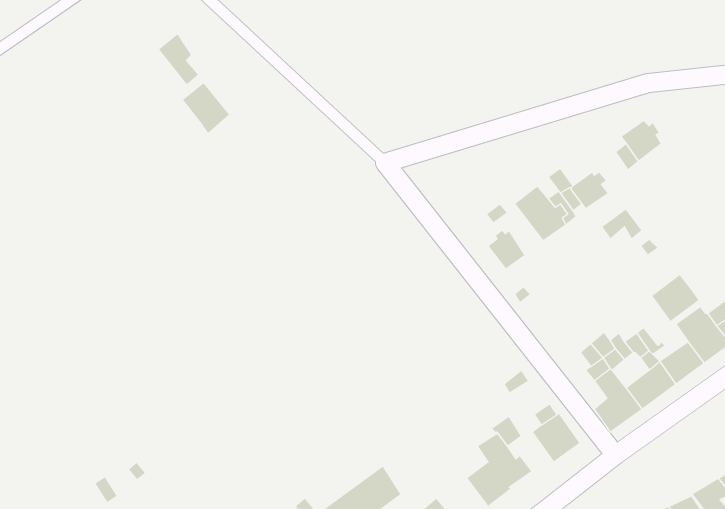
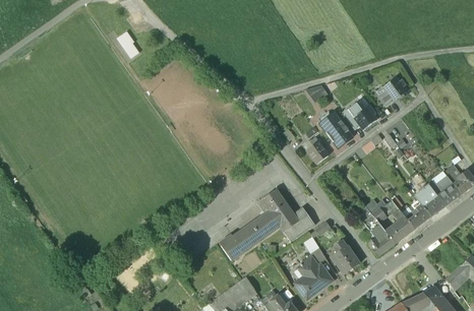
building: [182,83,230,134] -> none
building: [651,274,699,322] -> none
building: none -> [219,188,314,260]

